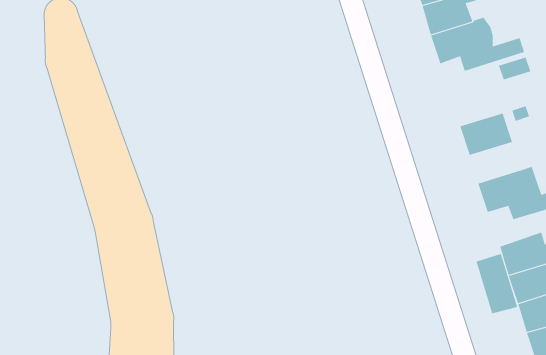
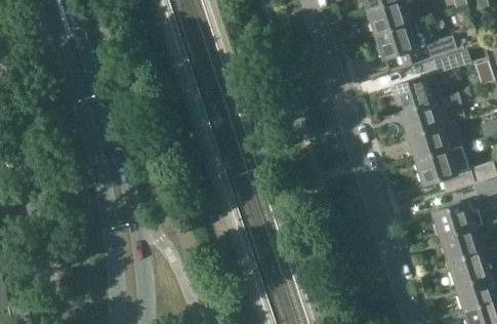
building: none -> [391,73,440,111]
building: none -> [407,124,451,159]
building: [476,253,518,314] -> none

